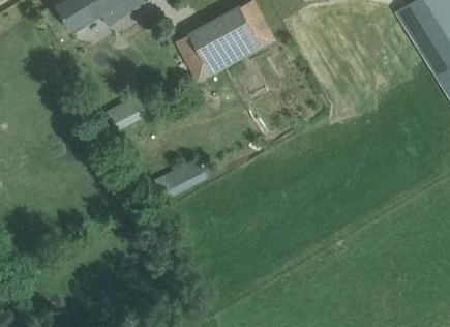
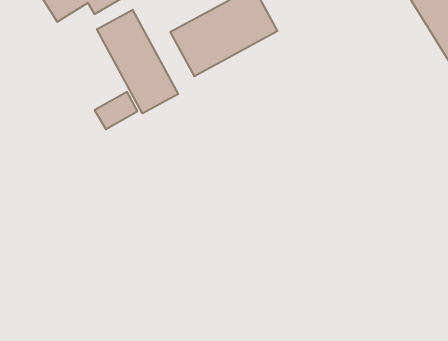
building: none -> [97,10,178,113]
building: [149,159,205,202] -> none

